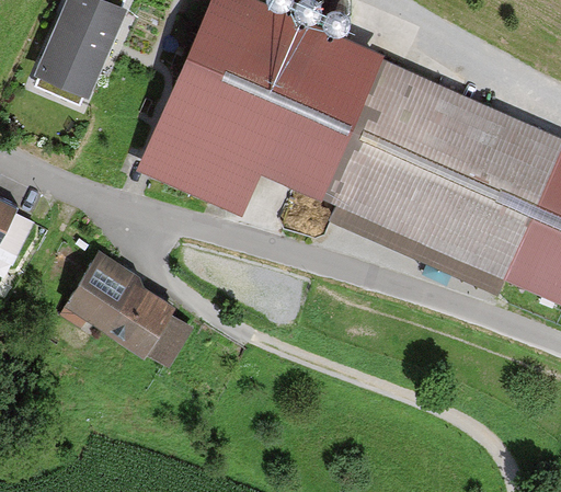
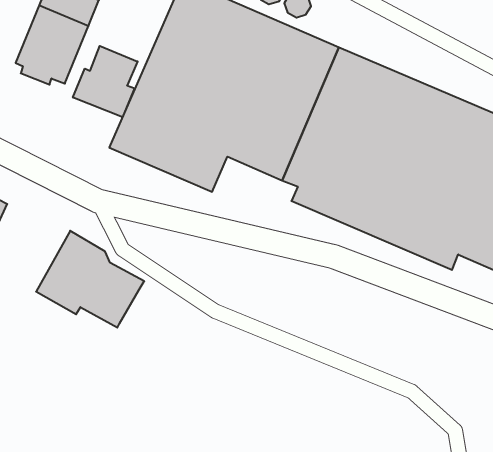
building: none -> [73,46,138,117]
building: [149,316,191,364] -> none

